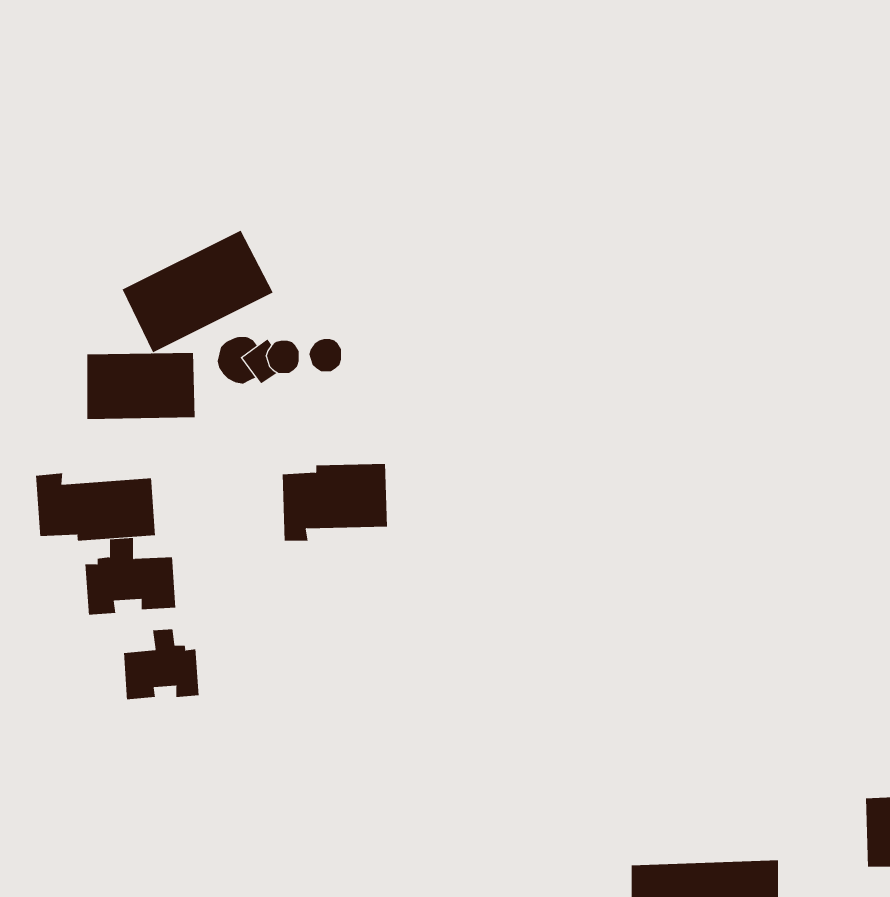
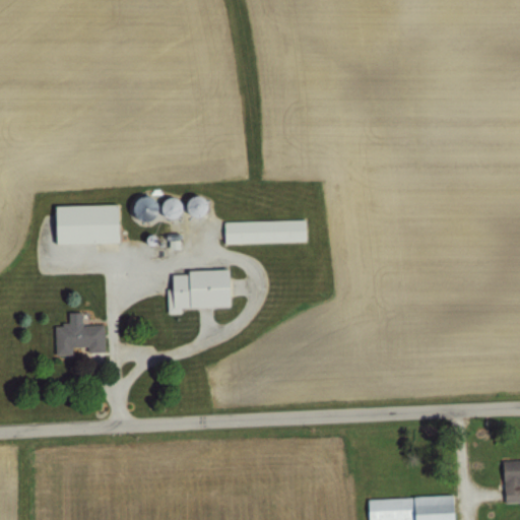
building: [122,230,274,353] -> none
building: none -> [225,220,307,244]
building: [36,473,156,542] -> none
building: [123,629,199,700] -> none

